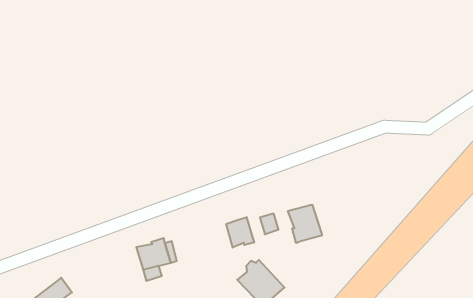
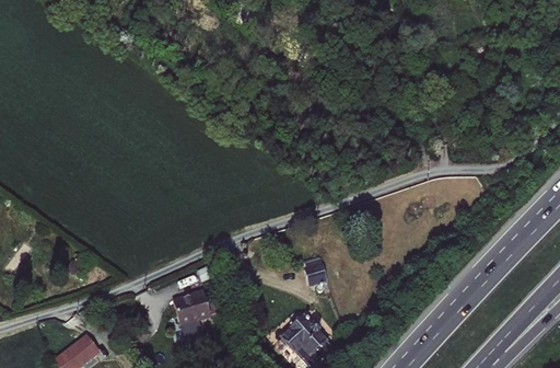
building: [288,205,322,243] -> none
building: [226,217,254,248] -> none

